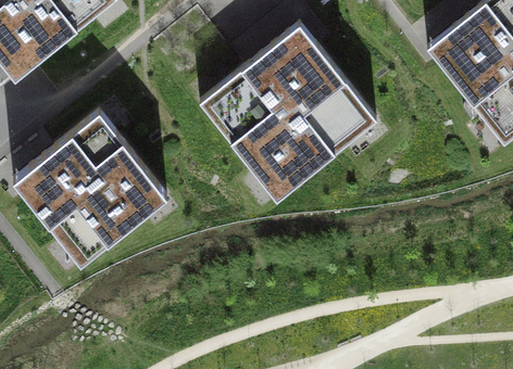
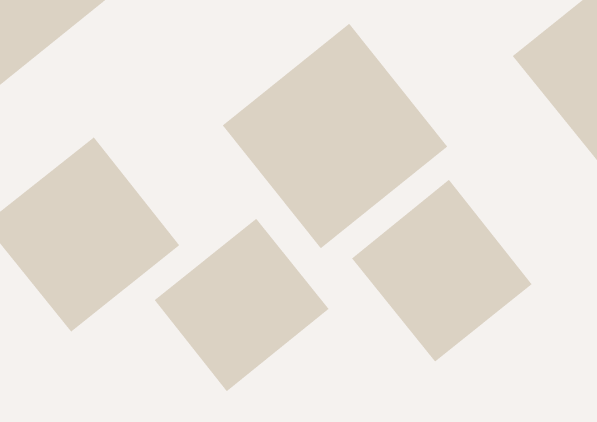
building: none -> [351,179,532,363]
building: none -> [154,218,329,392]

